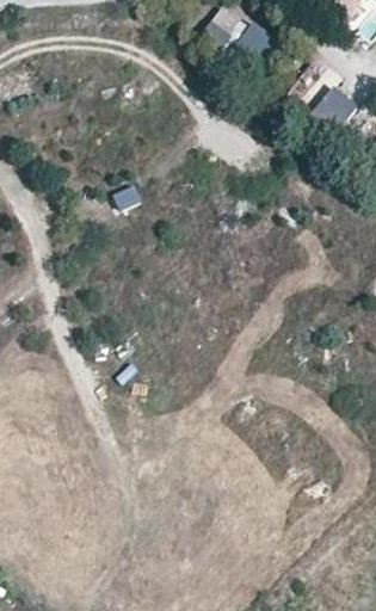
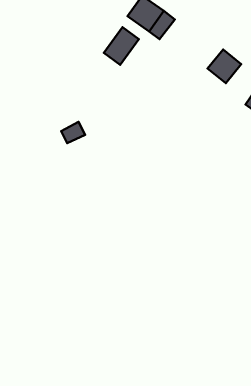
building: none -> [104,27,139,65]

